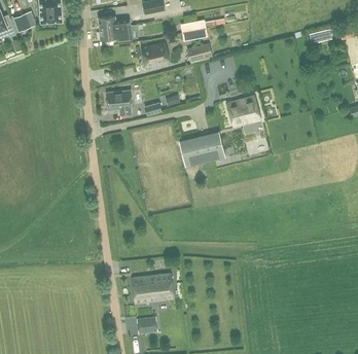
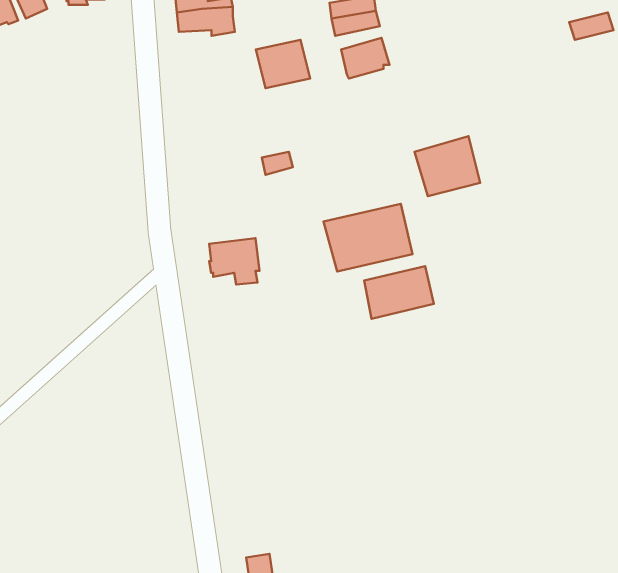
building: [106,90,133,114] -> [209,238,259,284]
building: none -> [364,266,434,319]
building: [132,273,175,303] -> none

